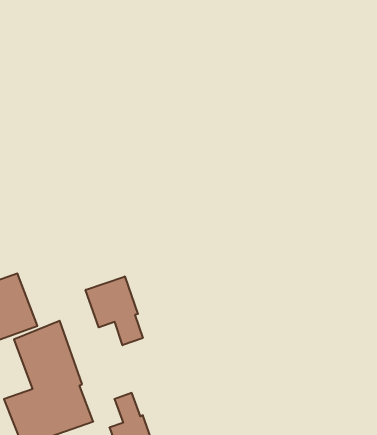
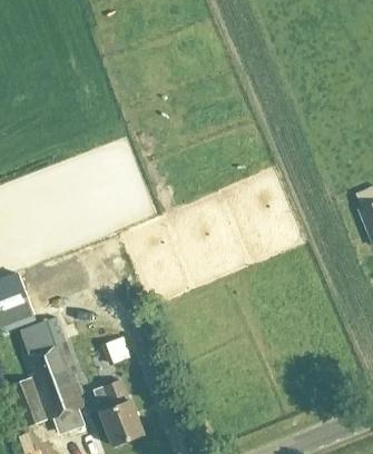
building: [86,276,143,345] -> none

